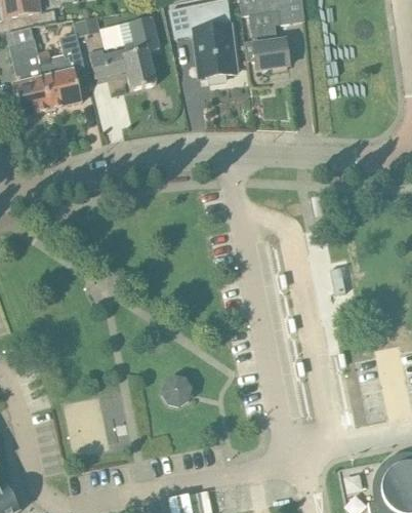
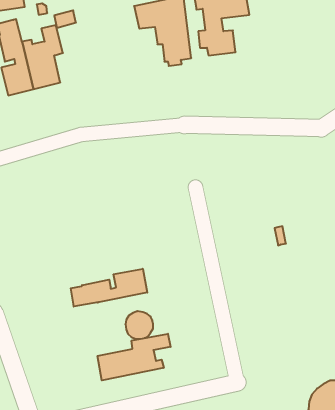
building: [88,15,160,89] -> none
building: none -> [71,269,147,307]
building: none -> [98,334,171,380]

